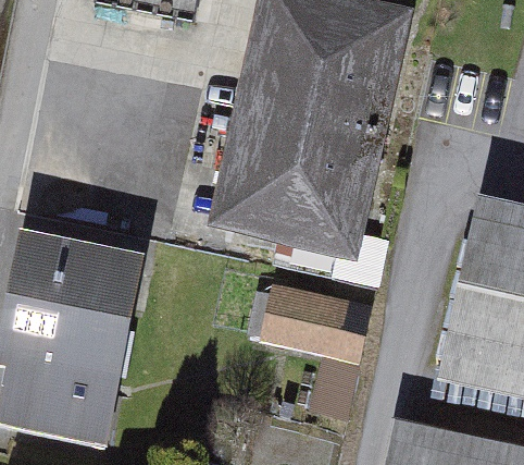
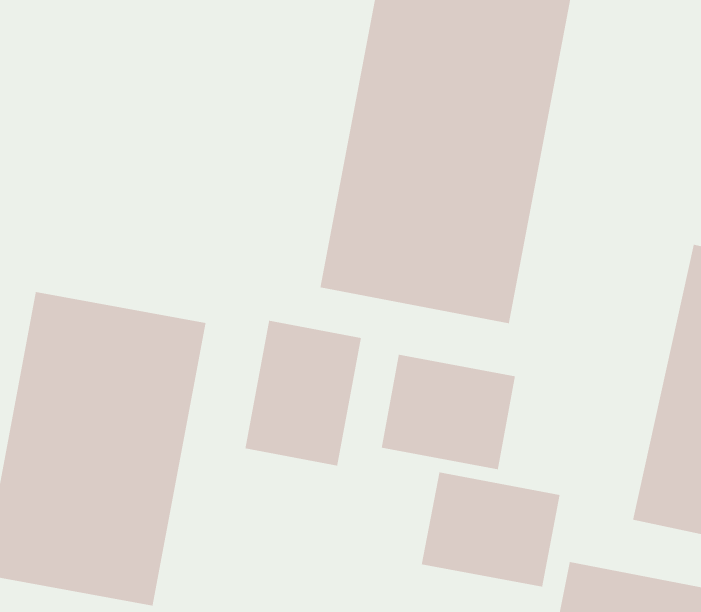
building: none -> [244,320,362,467]
building: none -> [421,472,560,587]

